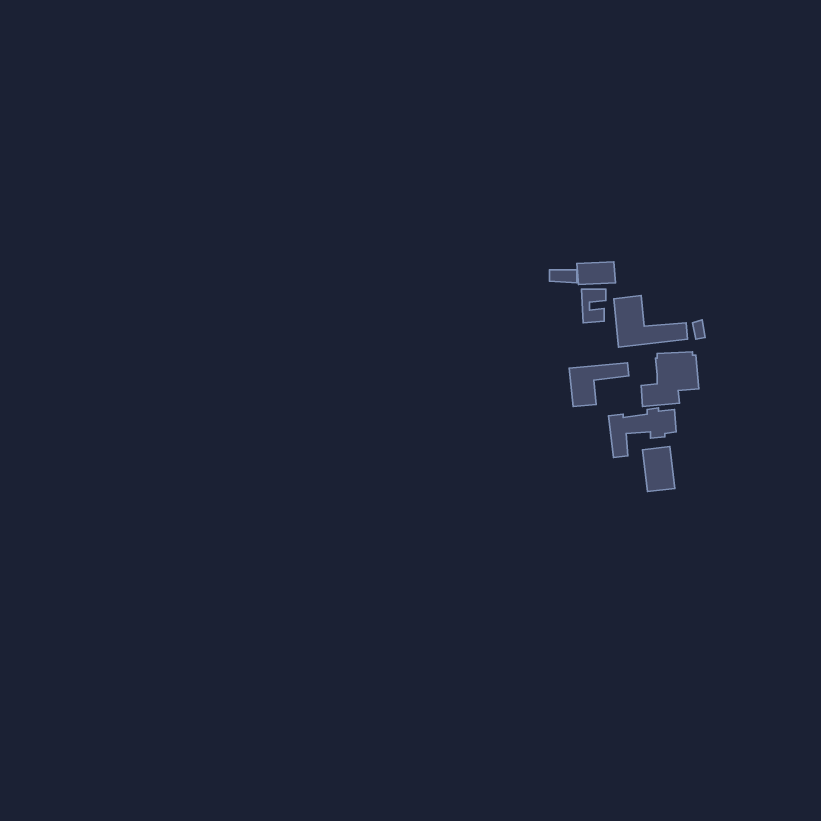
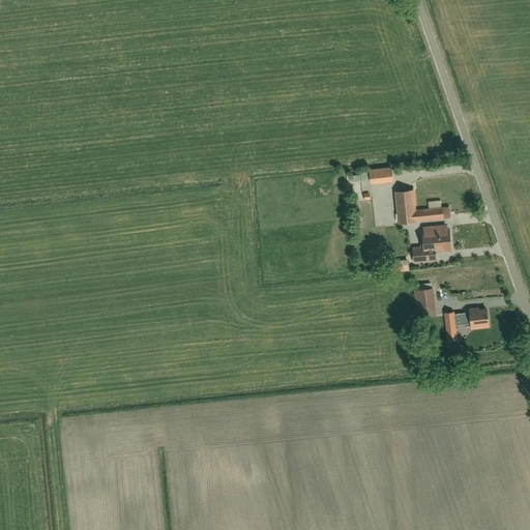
building: [569,363,629,407] -> none
building: [609,408,676,458] -> [444,308,488,341]

